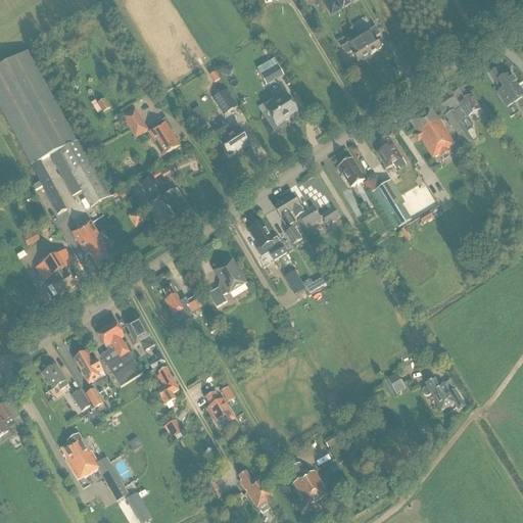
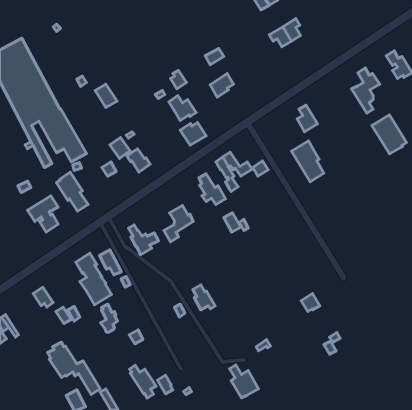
building: [409,106,453,155] -> [372,115,407,154]
building: [147,114,179,151] -> none
building: none -> [180,123,206,145]
building: [337,155,364,186] -> none
building: [74,349,102,381] -> none
building: [156,366,178,401] -> [101,304,118,333]
building: [421,375,464,408] -> none
building: [204,388,233,420] -> [193,285,215,310]
building: [238,469,272,511] -> [129,365,156,398]

